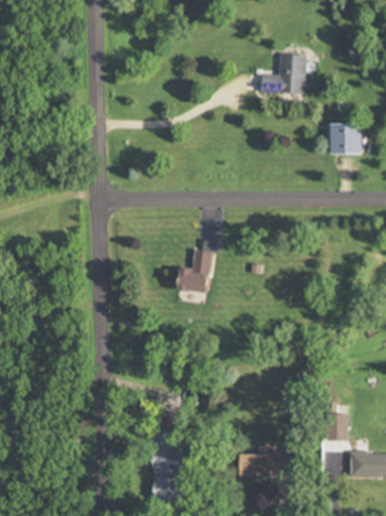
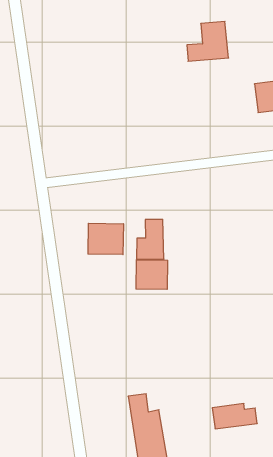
building: none -> [88,223,123,255]
building: none -> [136,260,168,289]

